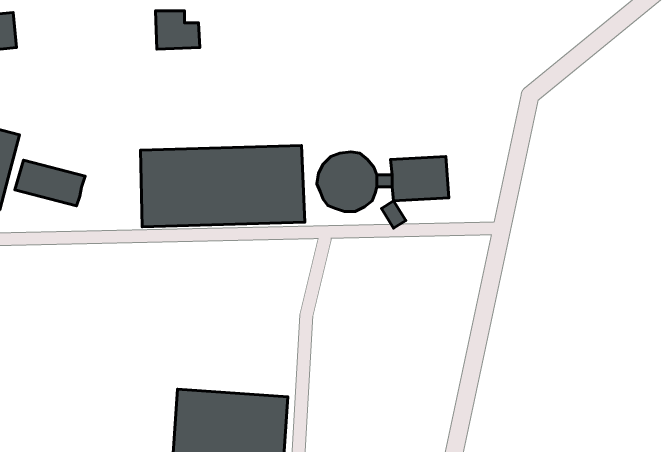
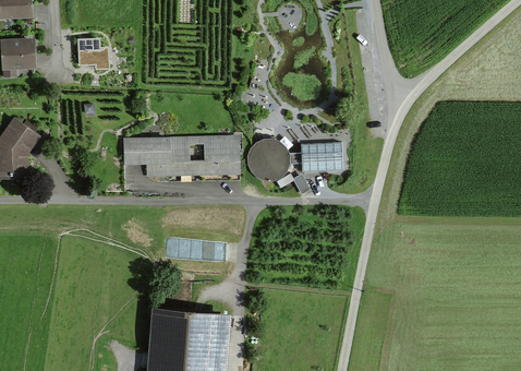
building: [155,11,200,49] -> [80,38,111,65]
building: [15,160,85,206] -> none

